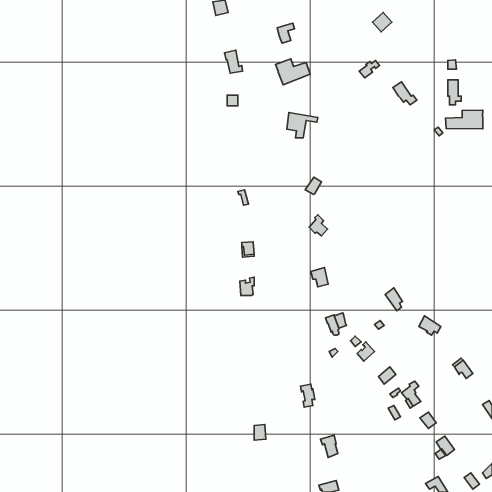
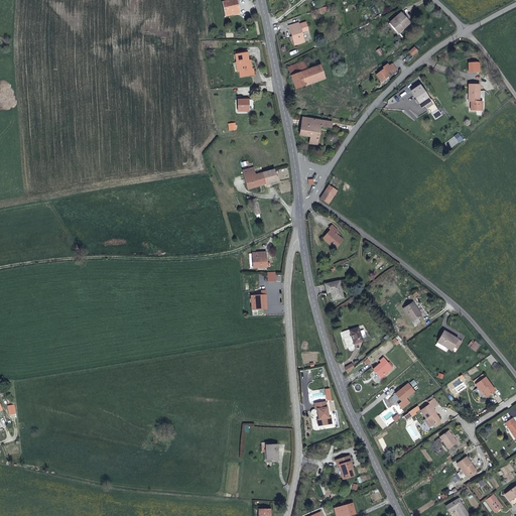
building: [446,110,483,129] -> none
building: none -> [242,163,277,189]

